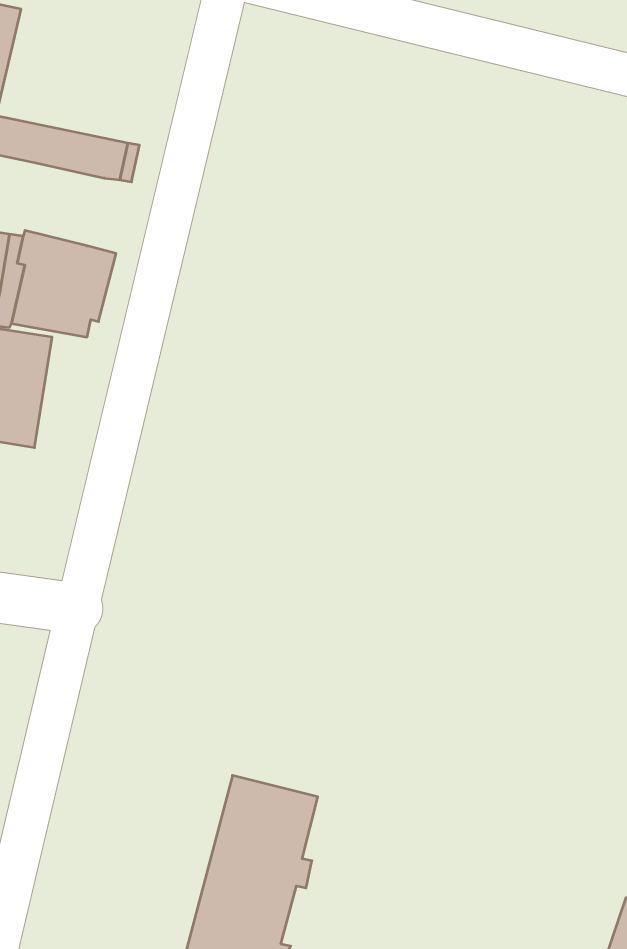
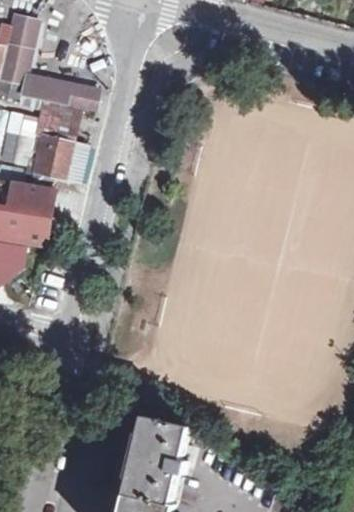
building: none -> [37,98,80,141]

